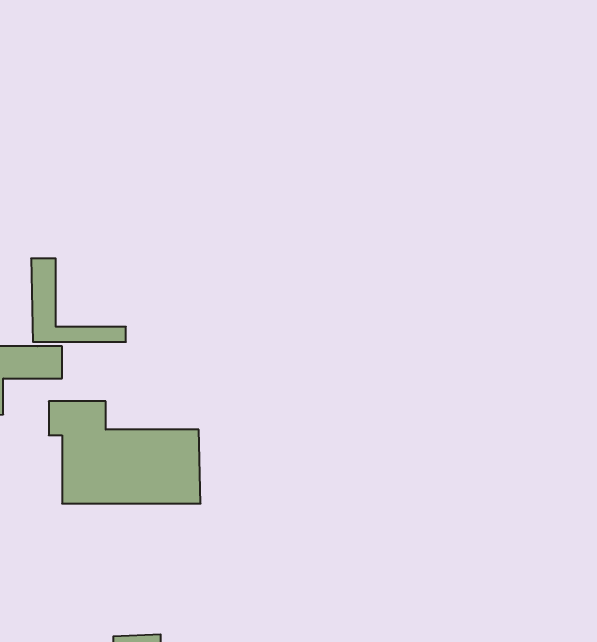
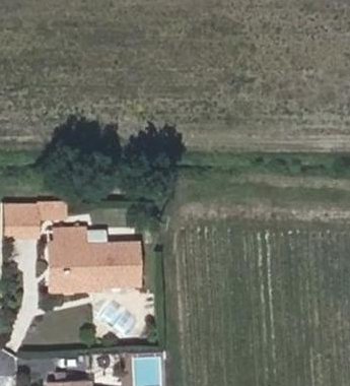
building: [31,258,126,342] -> [50,248,100,293]

